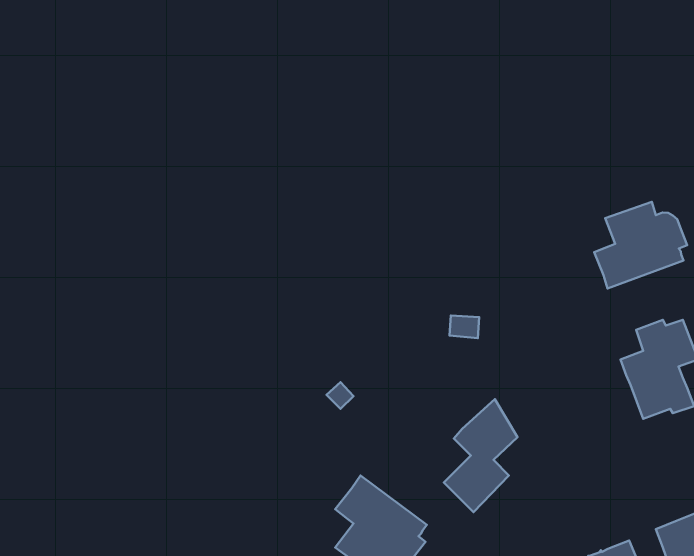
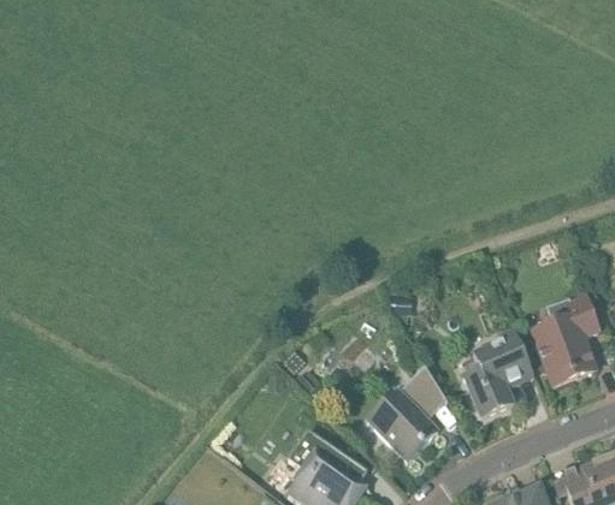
building: [594,202,687,288] -> none
building: none -> [462,329,531,416]

